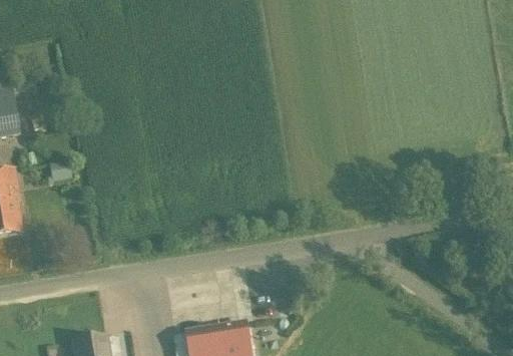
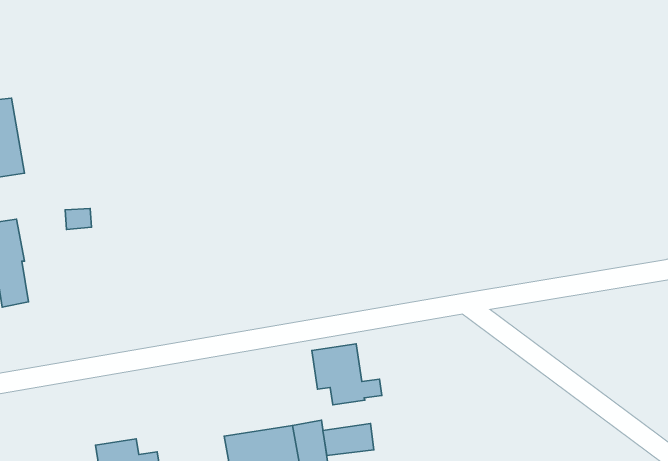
building: none -> [312,344,382,405]
building: none -> [323,423,374,456]

